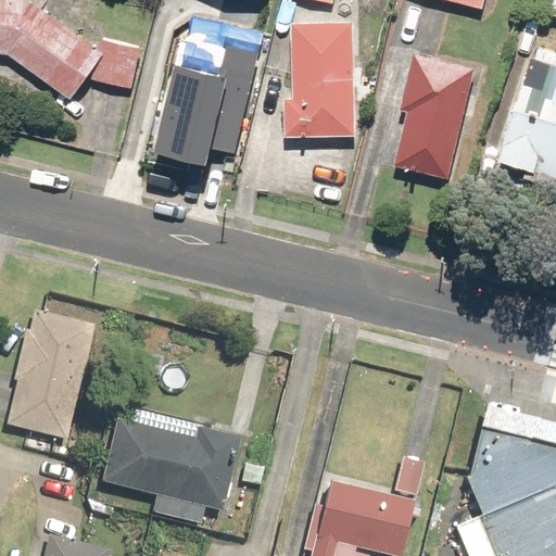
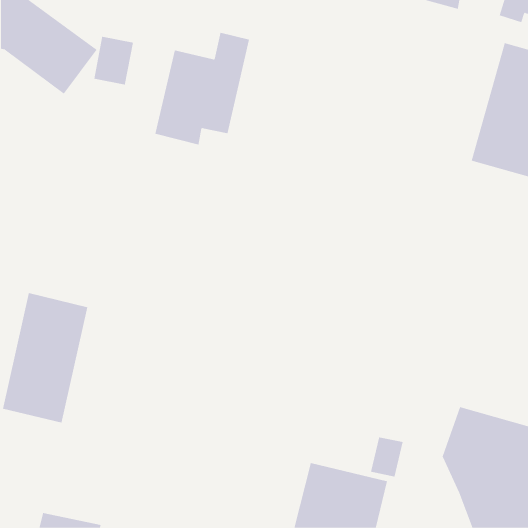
building: [281,20,355,136] -> none
building: [395,51,475,178] -> none
building: [100,419,241,515] -> none

